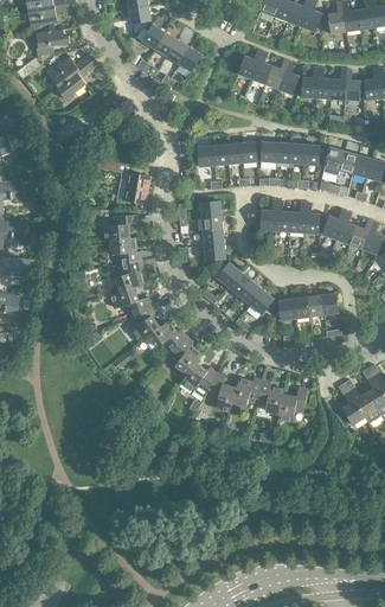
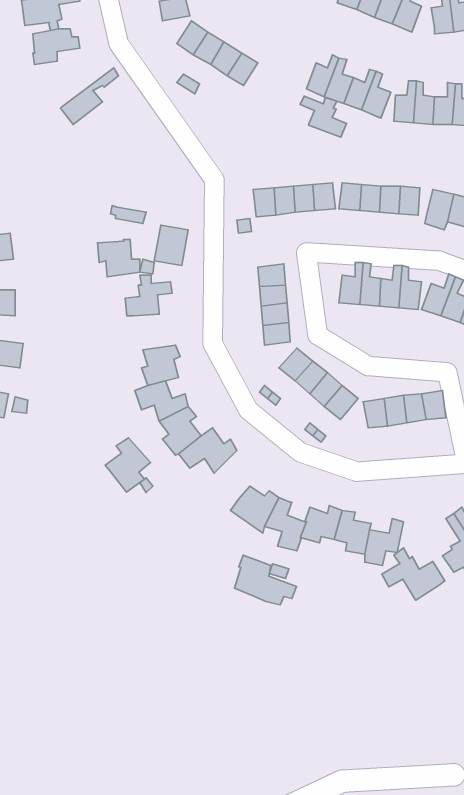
building: [47,52,96,85] -> none
building: none -> [300,96,347,137]
building: [110,236,141,263] -> [98,240,140,277]
building: none -> [105,438,150,492]
building: [163,337,201,372] -> none
building: none -> [382,548,445,600]
building: none -> [235,555,296,605]

